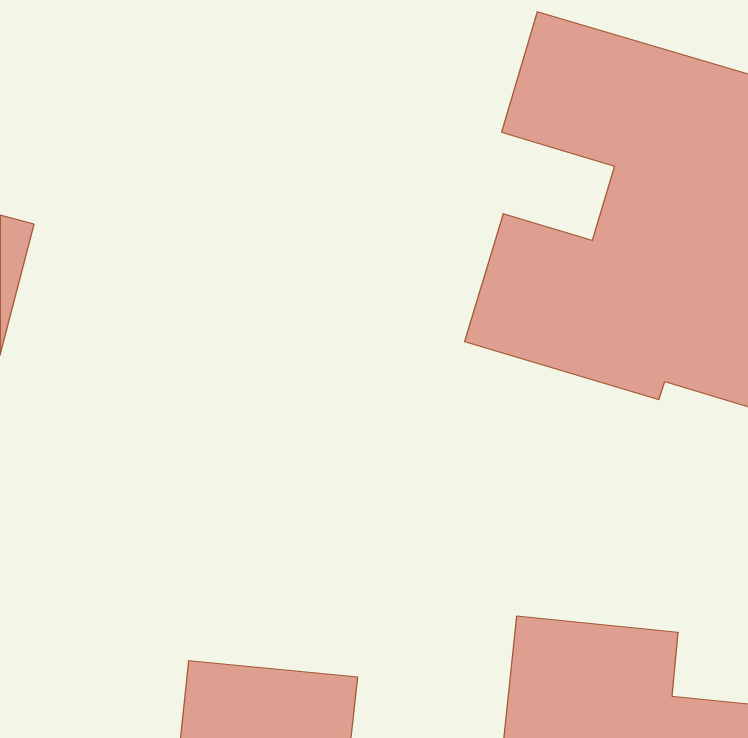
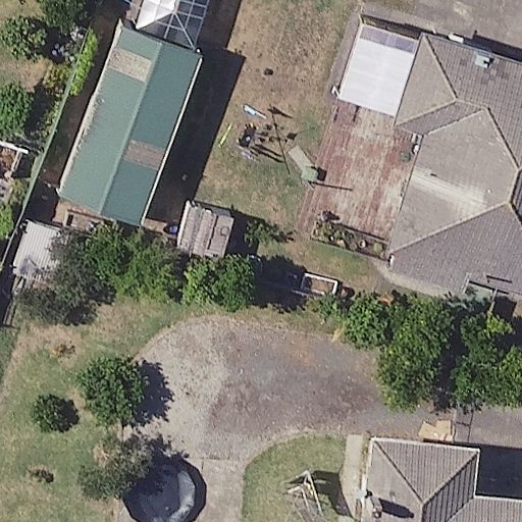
building: none -> [59,35,201,226]

